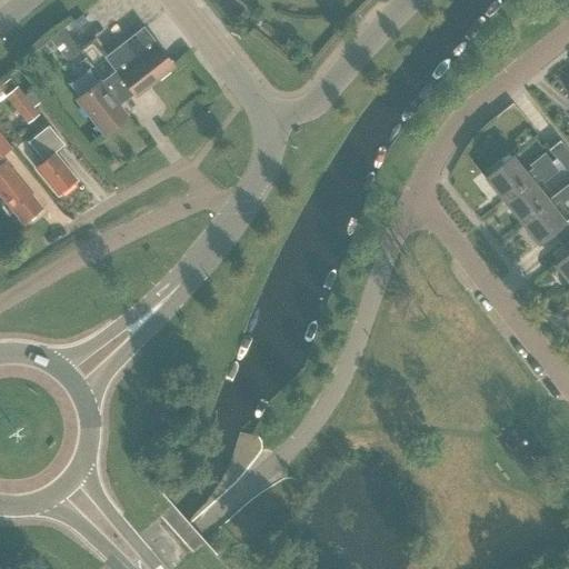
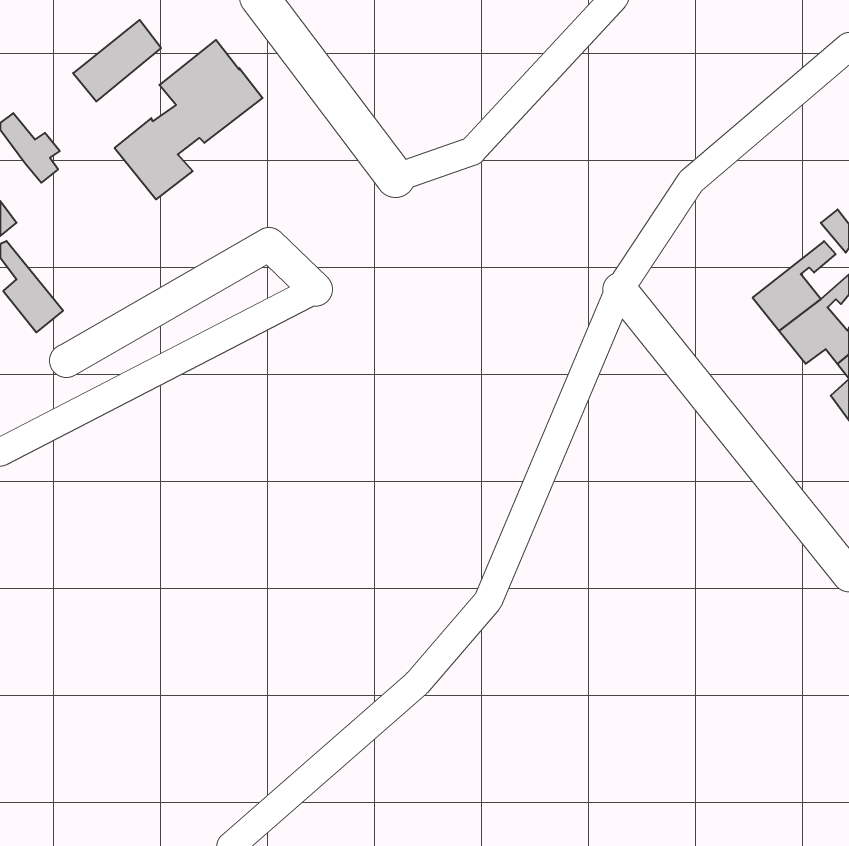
building: [29,124,77,194] -> none
building: [486,153,551,199] -> none

